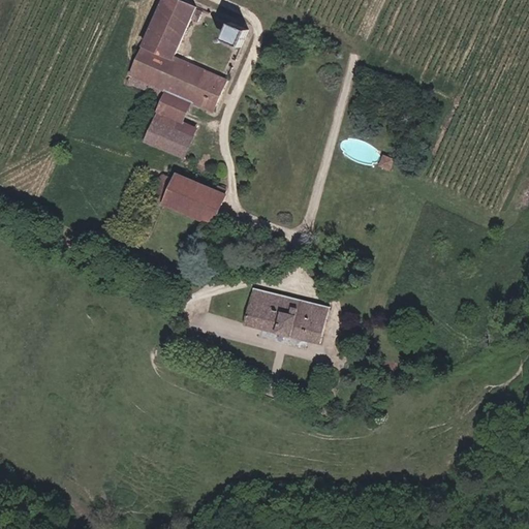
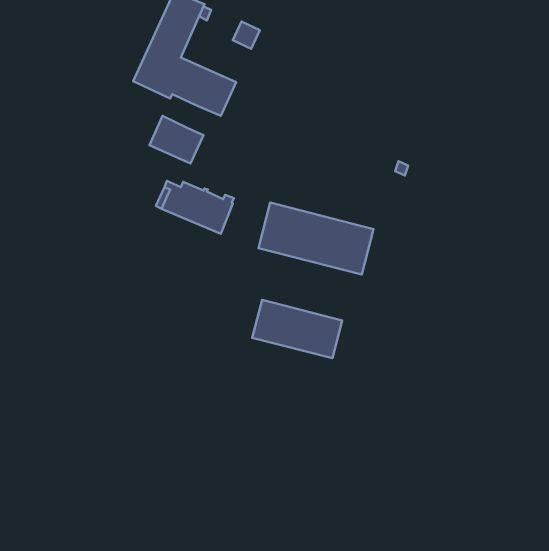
building: [155,90,189,122] -> none
building: none -> [259,203,374,275]

